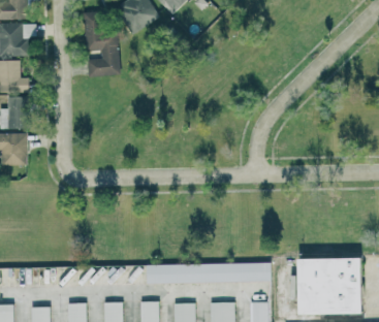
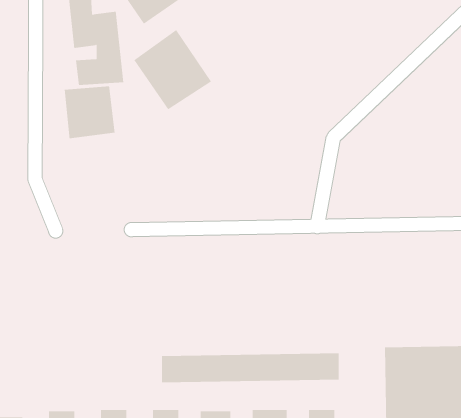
building: none -> [133,29,212,110]
building: none -> [64,85,115,139]

